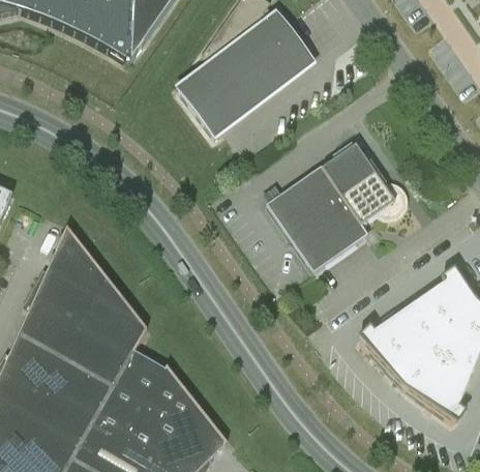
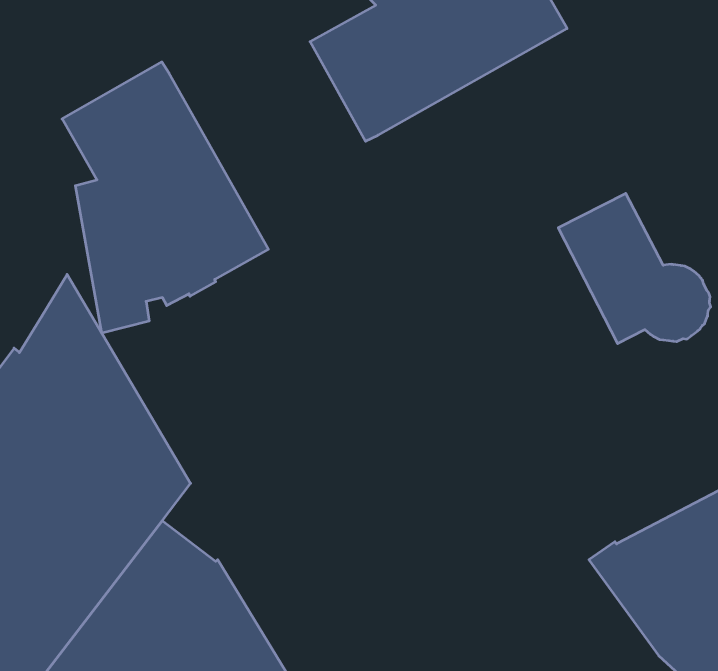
building: none -> [62,62,268,333]
building: [266,165,367,270] -> none

